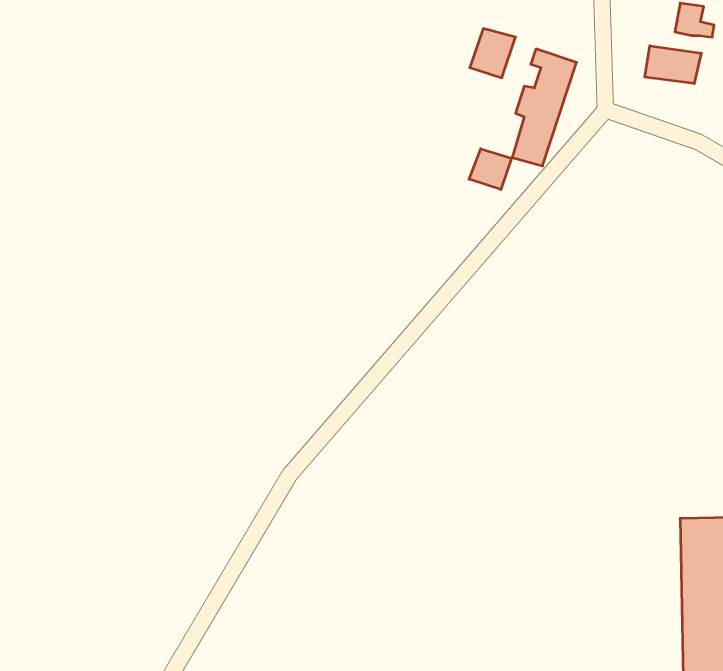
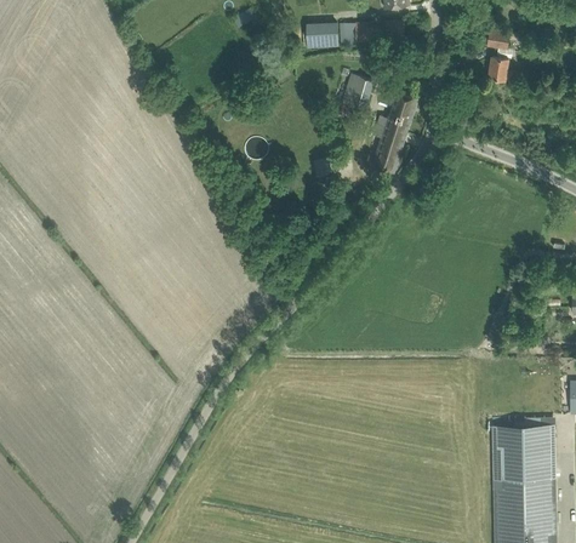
building: [645,46,701,84] -> none
building: [469,149,511,190] -> none

